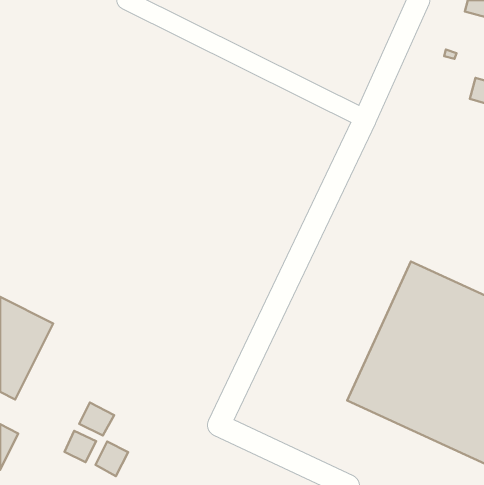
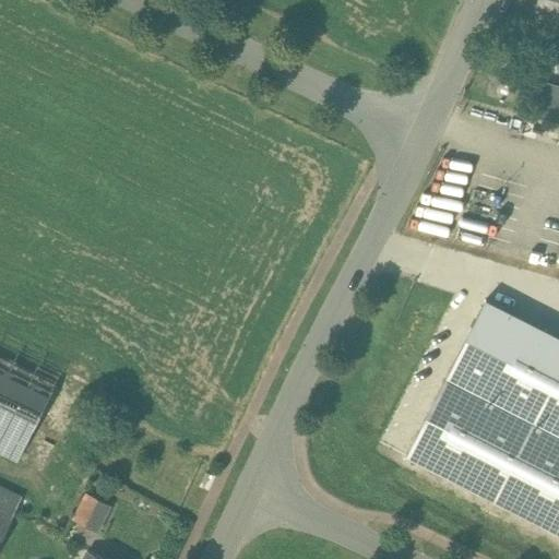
building: [79,402,114,436] -> none
building: [96,442,128,476] -> none

